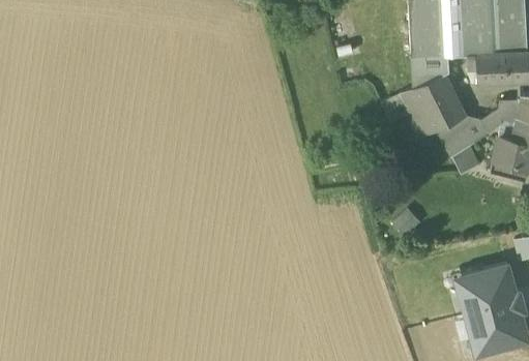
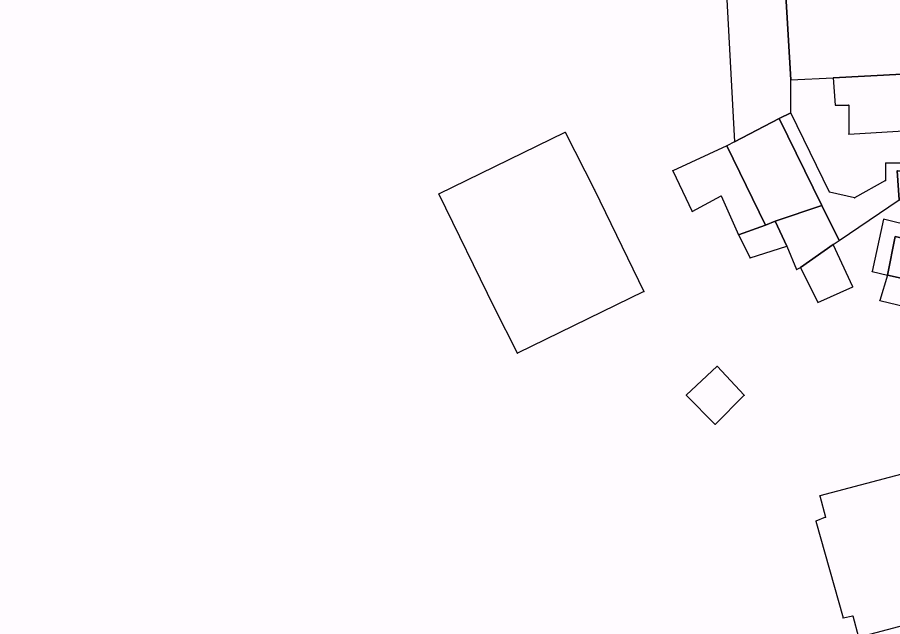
building: none -> [439,132,644,353]

